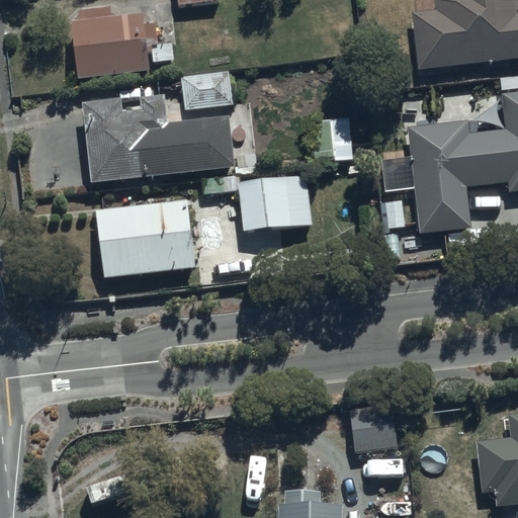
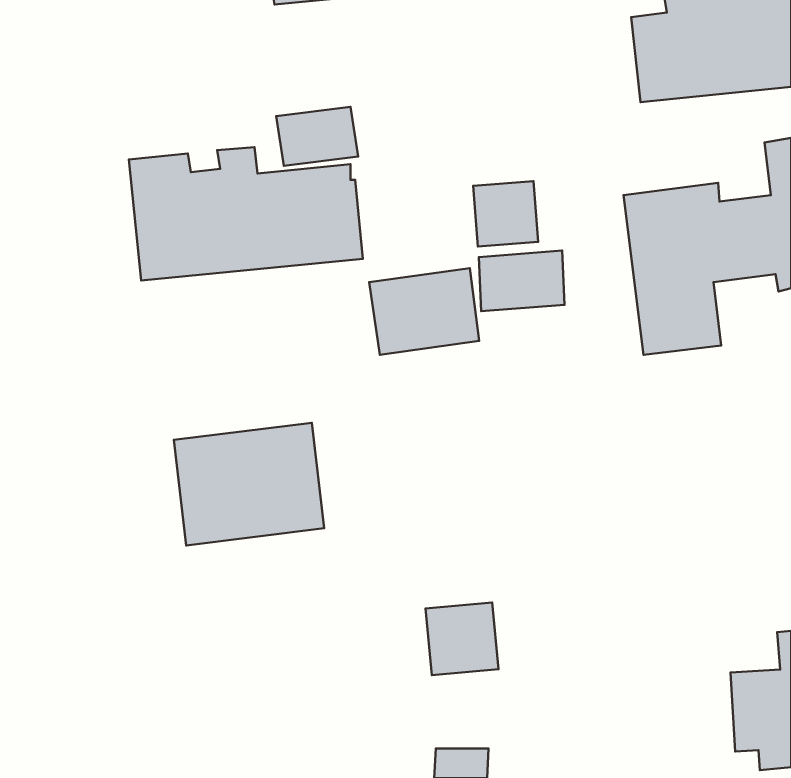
building: [73,5,174,79] -> none
building: none -> [479,251,565,311]
building: [96,199,194,279] -> [174,423,324,545]
building: [349,404,397,451] -> [425,602,498,675]

